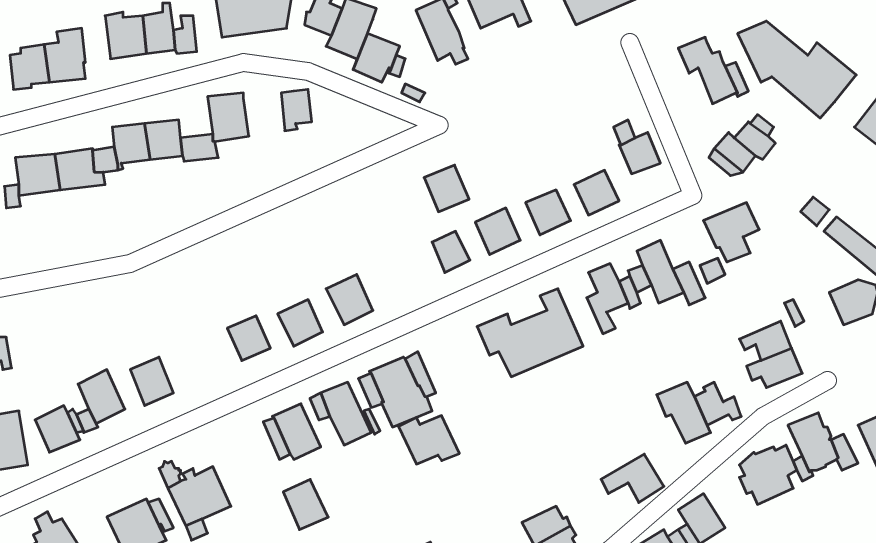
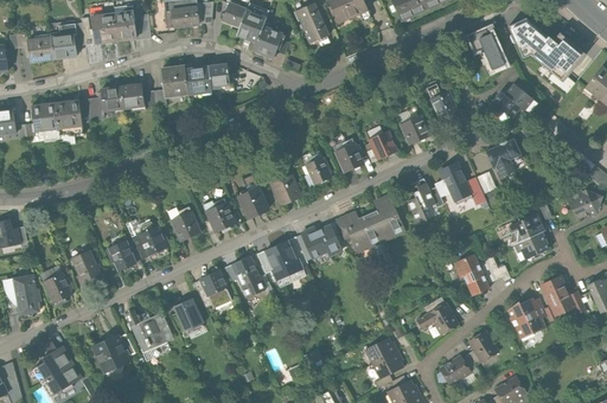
building: none -> [181,65,209,94]
building: [424,165,469,212] -> [270,171,300,201]
building: none -> [133,224,168,258]
building: [398,416,459,464] -> [301,225,341,257]
building: [283,479,328,530] -> [174,296,204,330]

